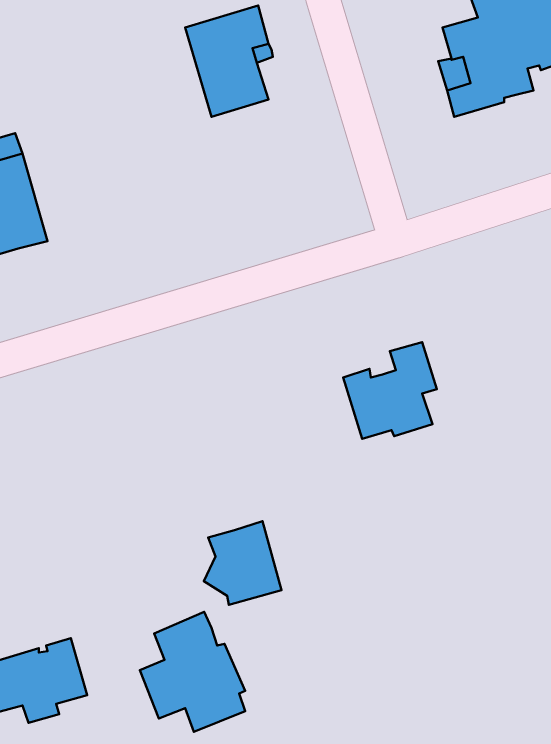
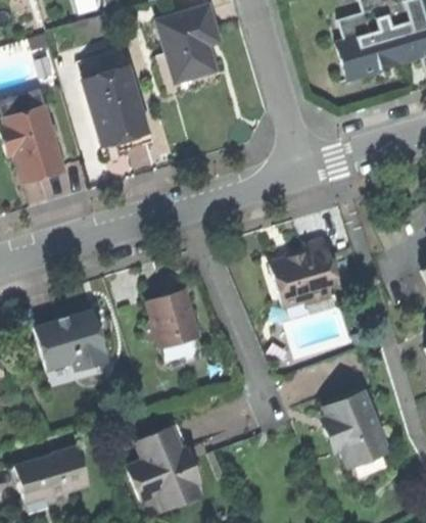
building: none -> [77,49,144,145]
building: none -> [36,310,106,370]
building: [204,521,281,605] -> [144,290,198,348]
building: none -> [322,393,386,467]

